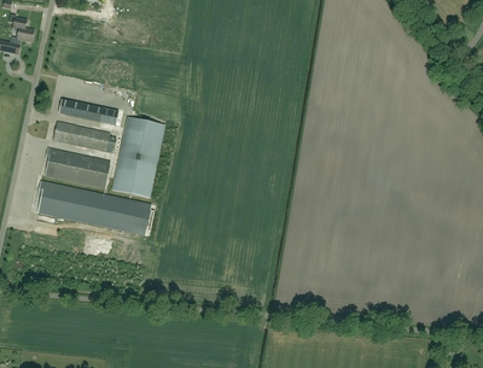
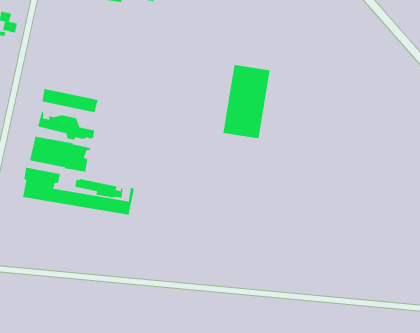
building: [114,117,164,197] -> [223,64,270,139]

